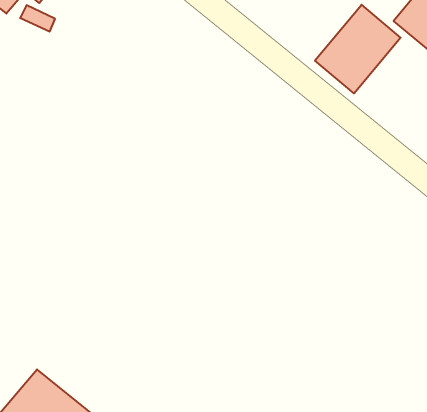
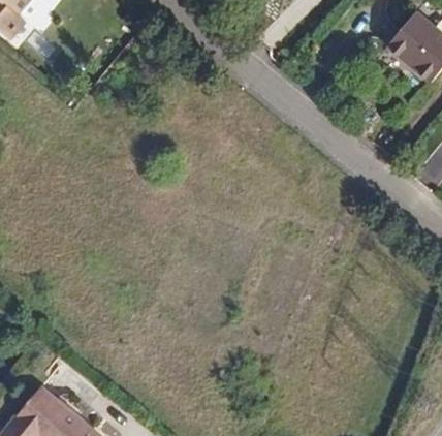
building: [315,5,401,93] -> none

